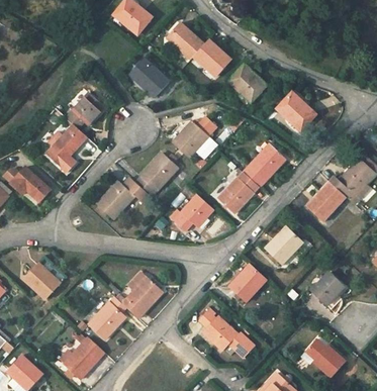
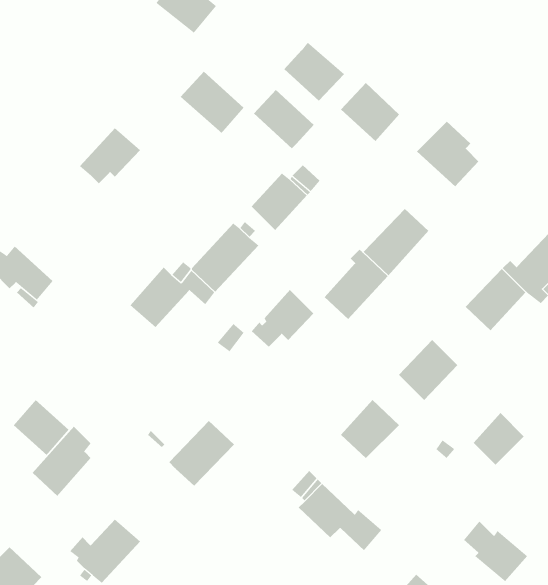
building: [166,22,204,60] -> [253,89,315,149]
building: [46,123,87,166] -> none
building: [88,295,125,339] -> [32,426,92,497]

